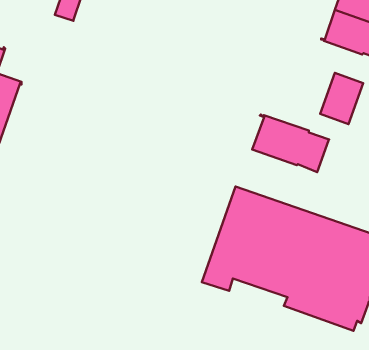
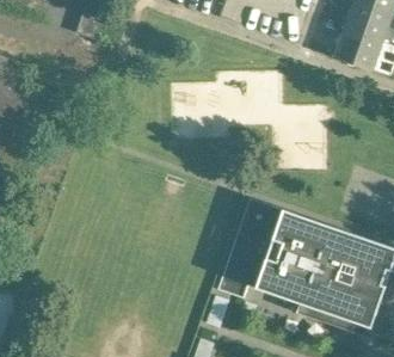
building: [320,73,363,124] -> none
building: [252,114,329,172] -> none

